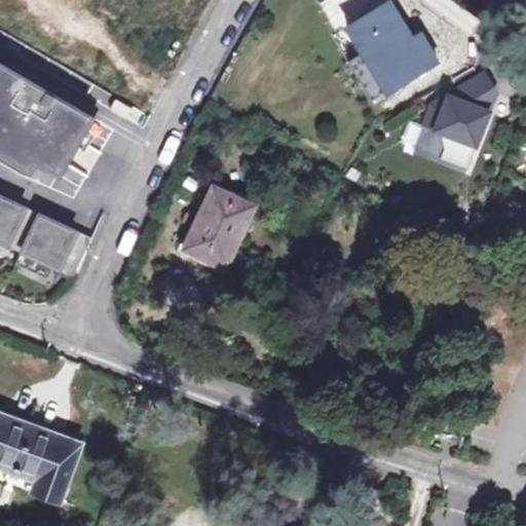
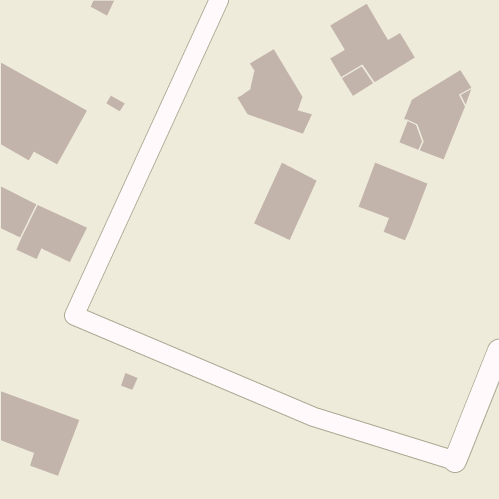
building: none -> [237,48,313,135]
building: none -> [358,162,428,241]
building: [185,187,253,270] -> [253,162,318,241]

